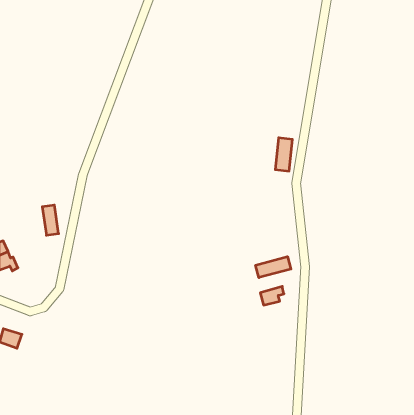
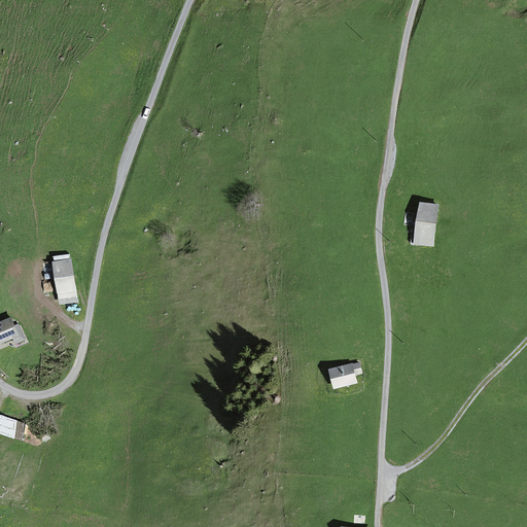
building: [275,138,292,171] -> [414,203,435,245]
building: [256,257,291,278] -> none

